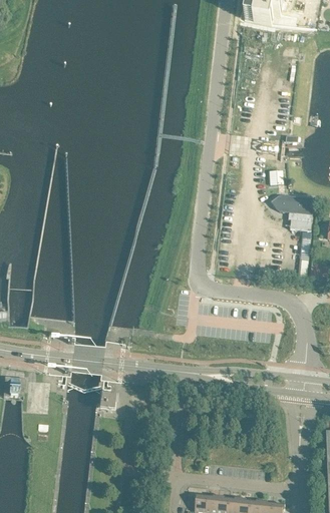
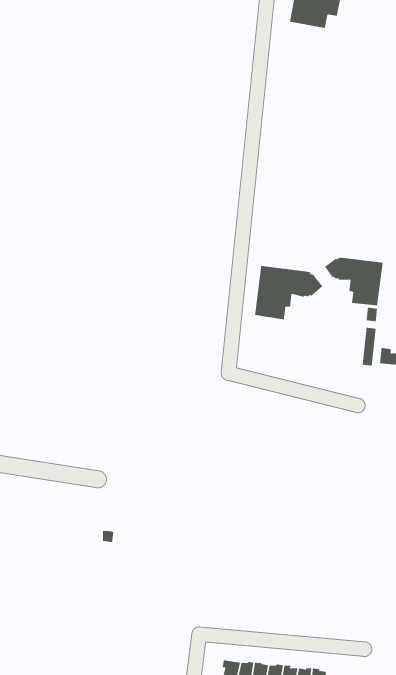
building: none -> [255,265,323,320]

